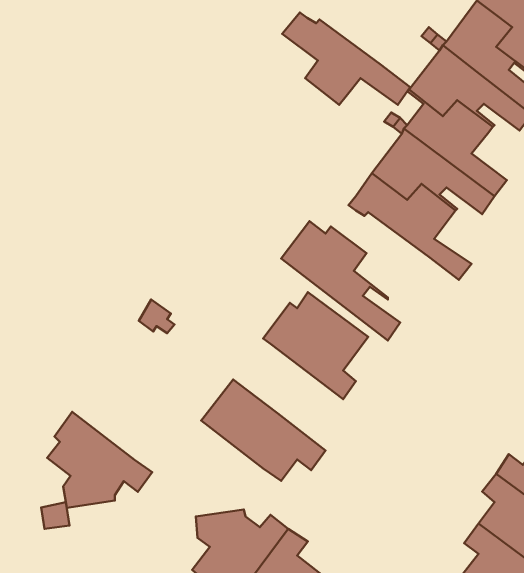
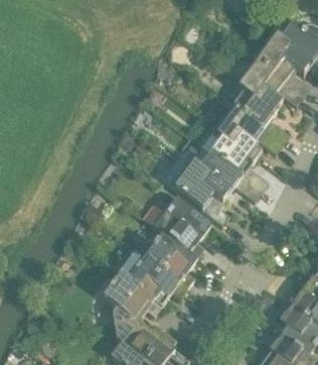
building: [282,12,410,105] -> [190,148,263,201]
building: none -> [143,227,197,287]
building: [47,412,152,508] -> [103,270,162,325]

